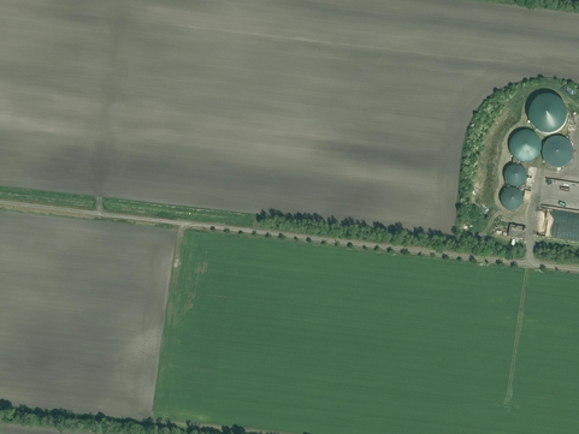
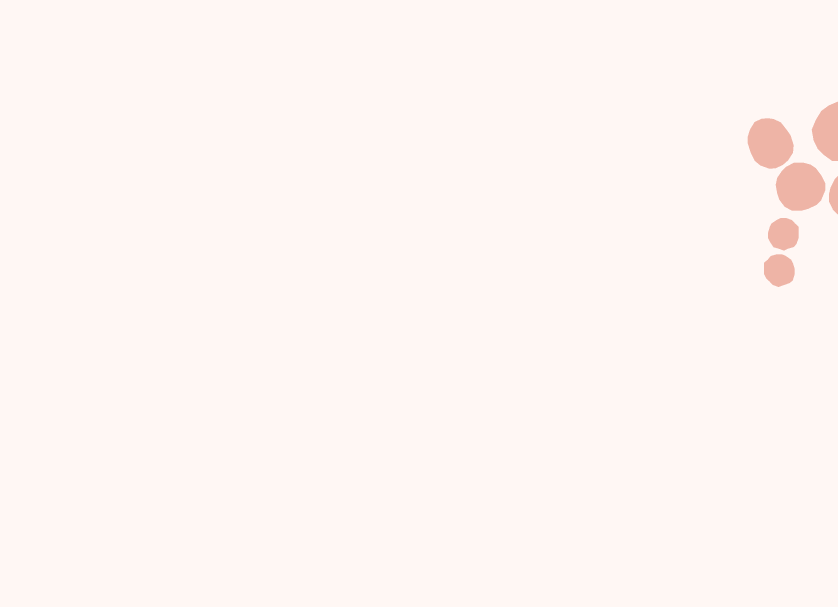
building: none -> [747,118,795,170]

